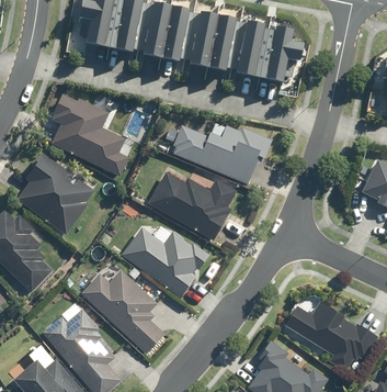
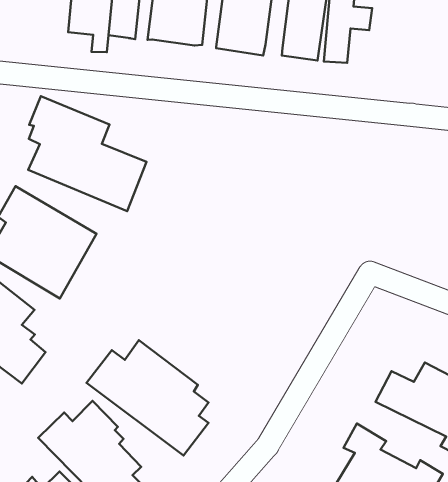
building: [169,120,273,184] -> none
building: [149,167,238,237] -> none
building: [119,227,212,299] -> none

